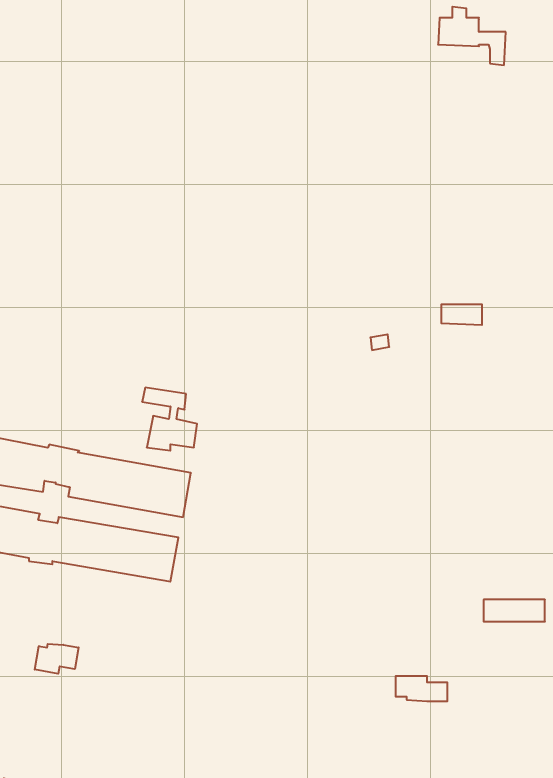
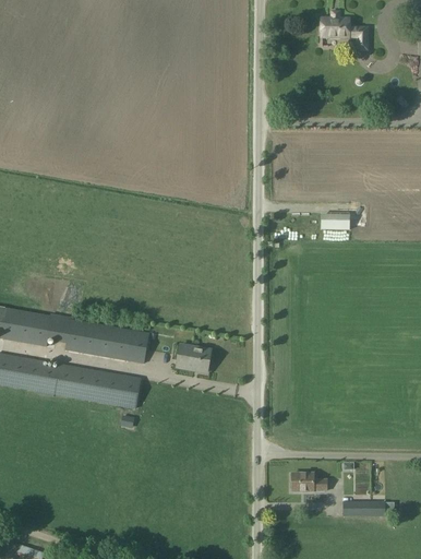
building: [142,388,197,451] -> [172,325,211,369]
building: [484,600,545,622] -> [344,502,386,518]
building: [35,644,79,674] -> none

